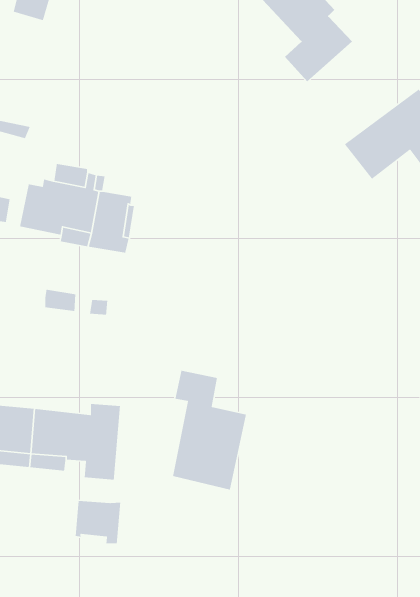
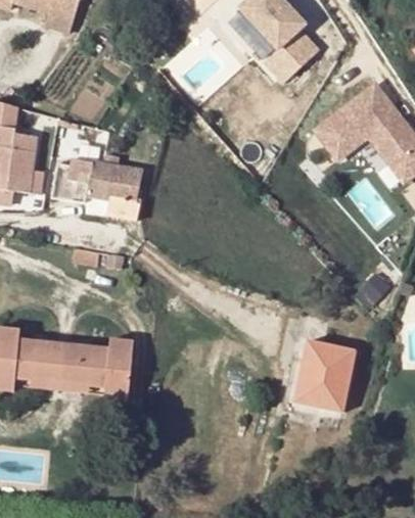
building: [172,370,247,490] -> [295,315,356,412]
building: [75,500,121,544] -> none

